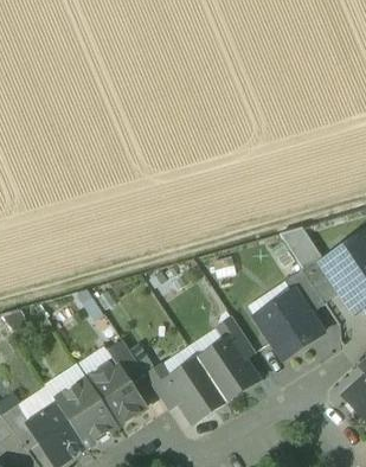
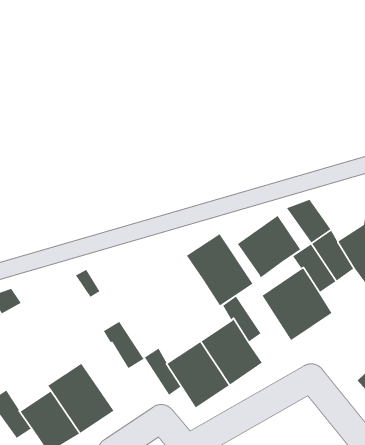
building: none -> [237,215,301,279]
building: none -> [186,233,254,306]
building: [86,359,145,423] -> none

